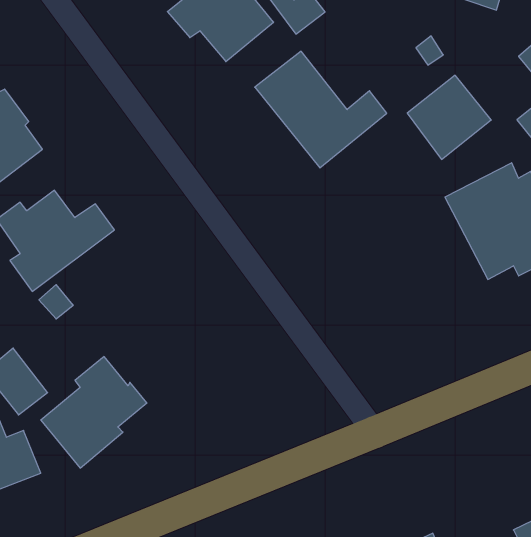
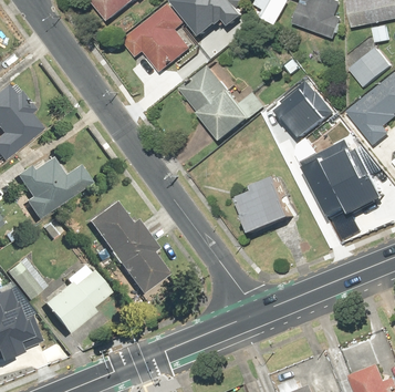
building: none -> [237,176,292,235]
building: none -> [83,200,166,296]

